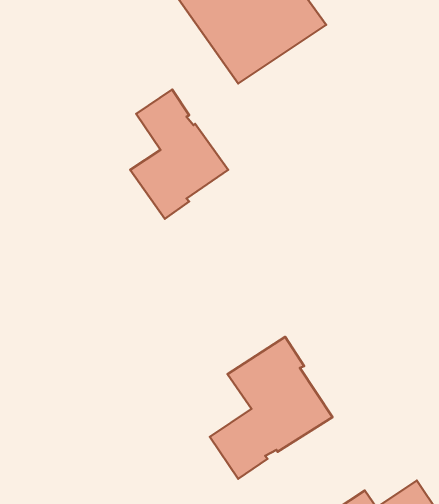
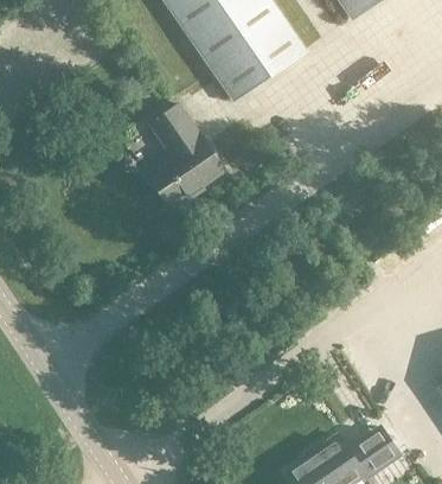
building: [210,337,332,479] -> none

